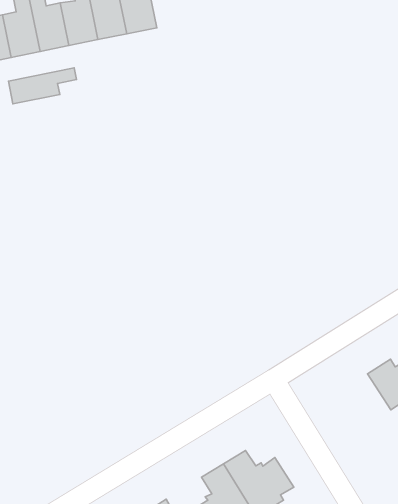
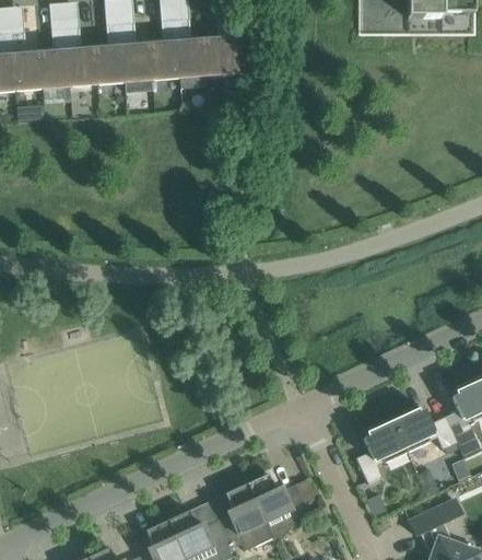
building: [8,68,77,104] -> none
building: none -> [355,417,408,485]

